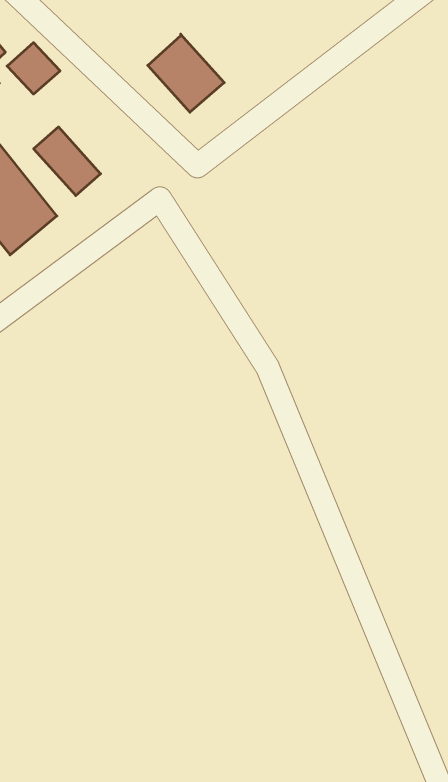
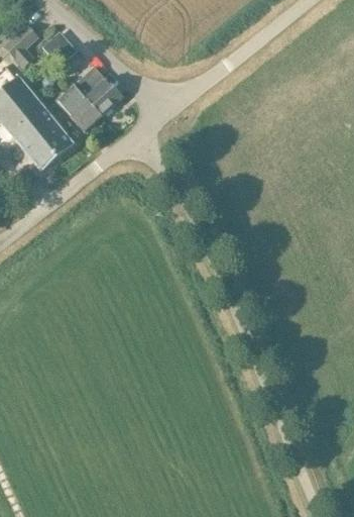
building: [148,34,224,112] -> [73,66,122,116]

